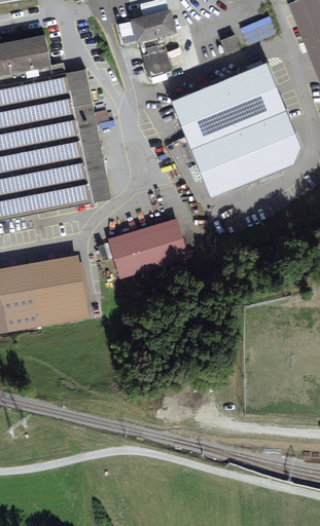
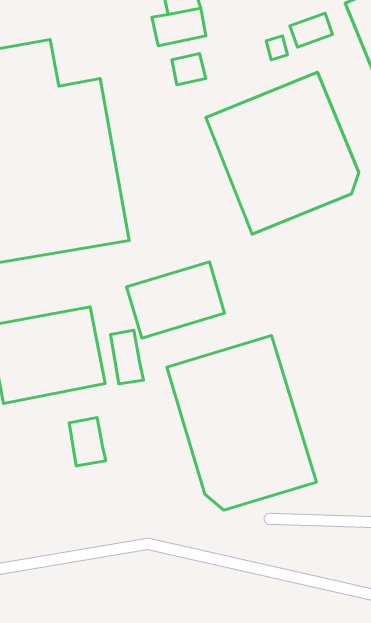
building: none -> [110,330,144,384]
building: none -> [167,335,317,510]
building: none -> [69,417,106,466]

